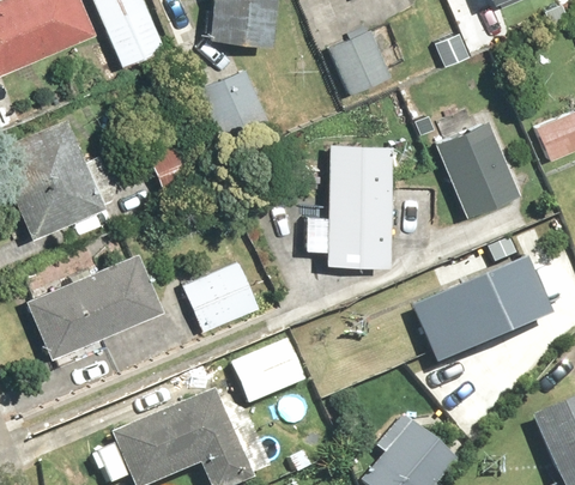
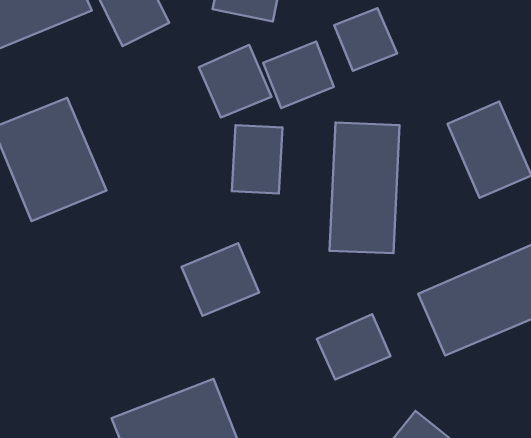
building: none -> [263,42,334,108]
building: none -> [232,125,282,193]
building: [25,256,157,358] -> none
building: [234,341,305,405] -> [317,314,391,379]

